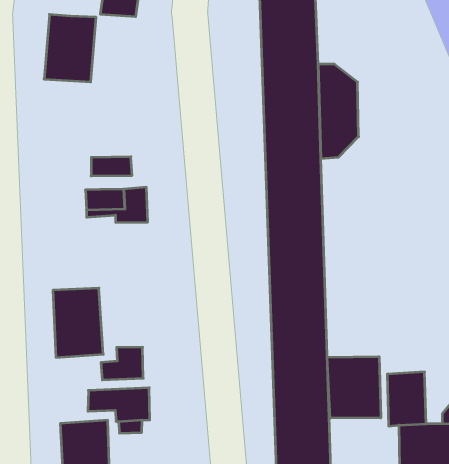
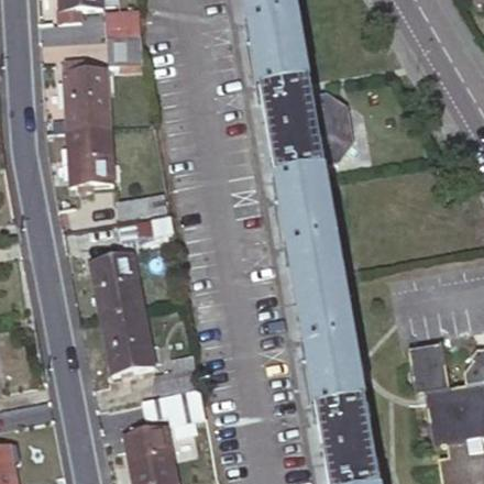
building: none -> [67,126,112,187]
building: none -> [90,253,142,317]
building: [327,357,381,418] -> none

